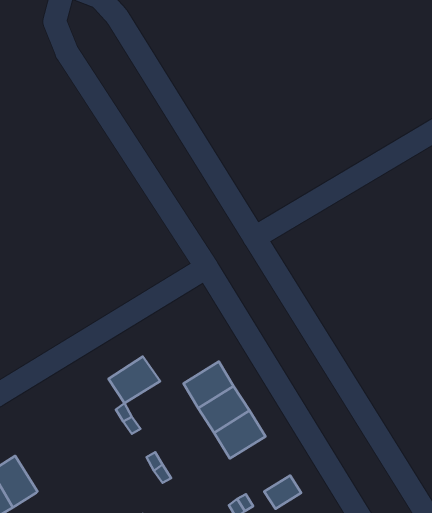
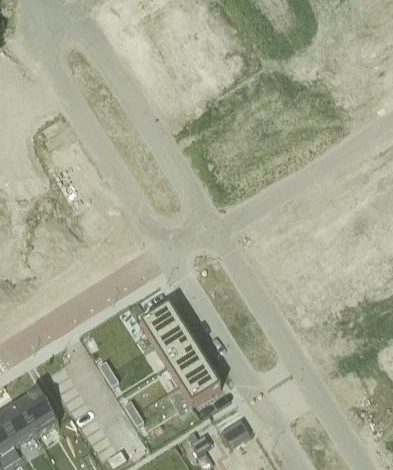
building: [109,357,160,403] -> [141,306,183,344]
building: none -> [17,390,58,436]

